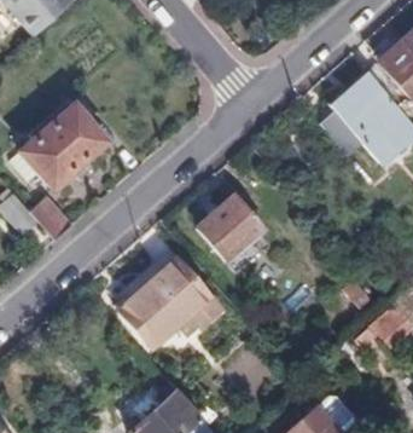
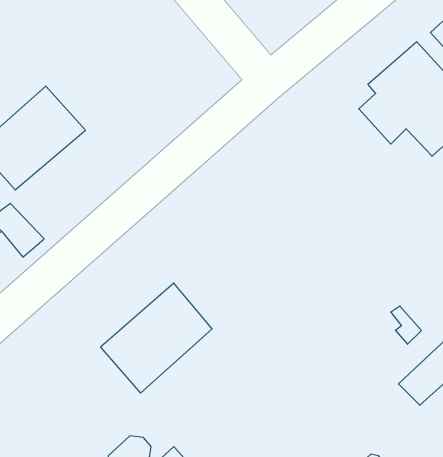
building: [197,198,262,262] -> none

